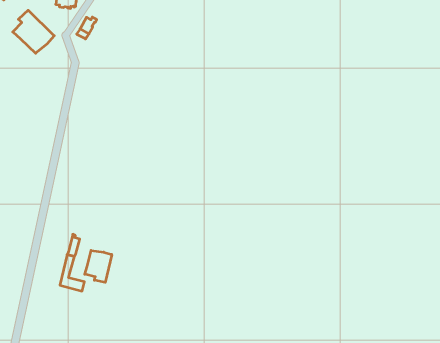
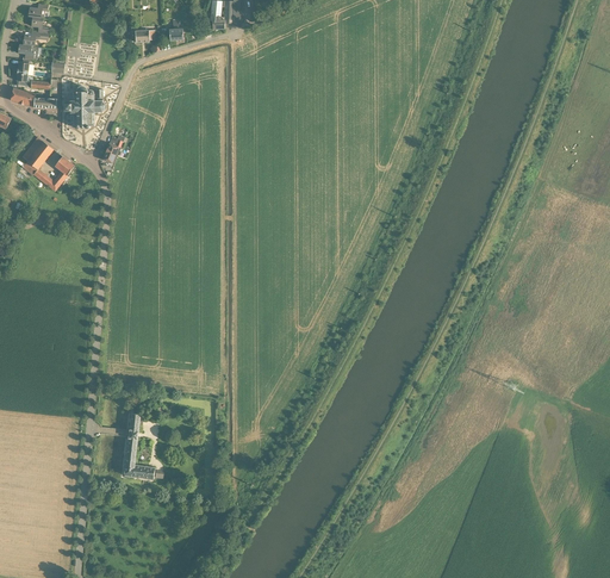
building: [85,250,112,282] -> none

